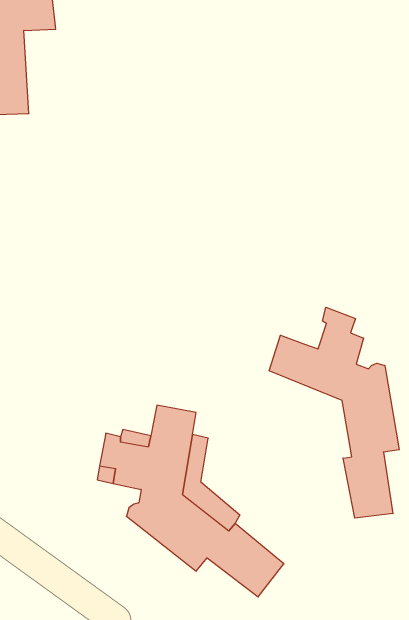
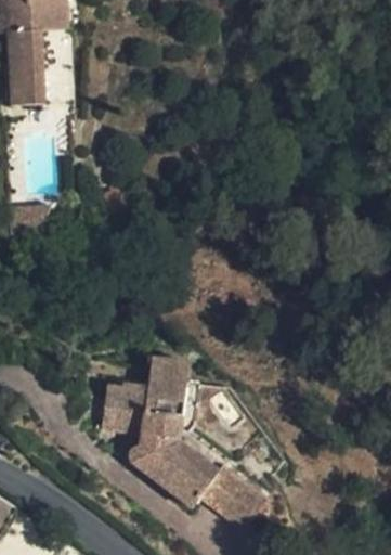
building: [269,307,399,518] -> none

